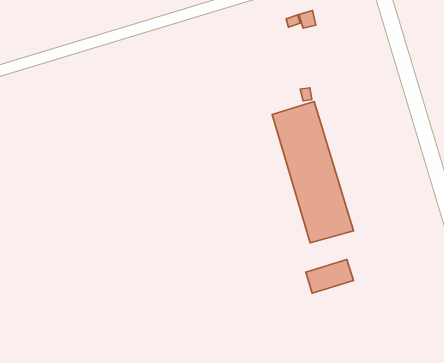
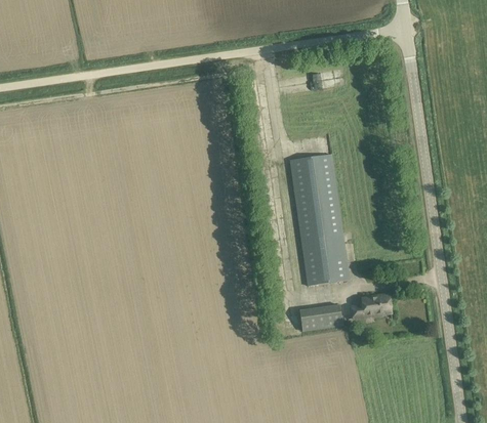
building: none -> [351,294,390,319]

